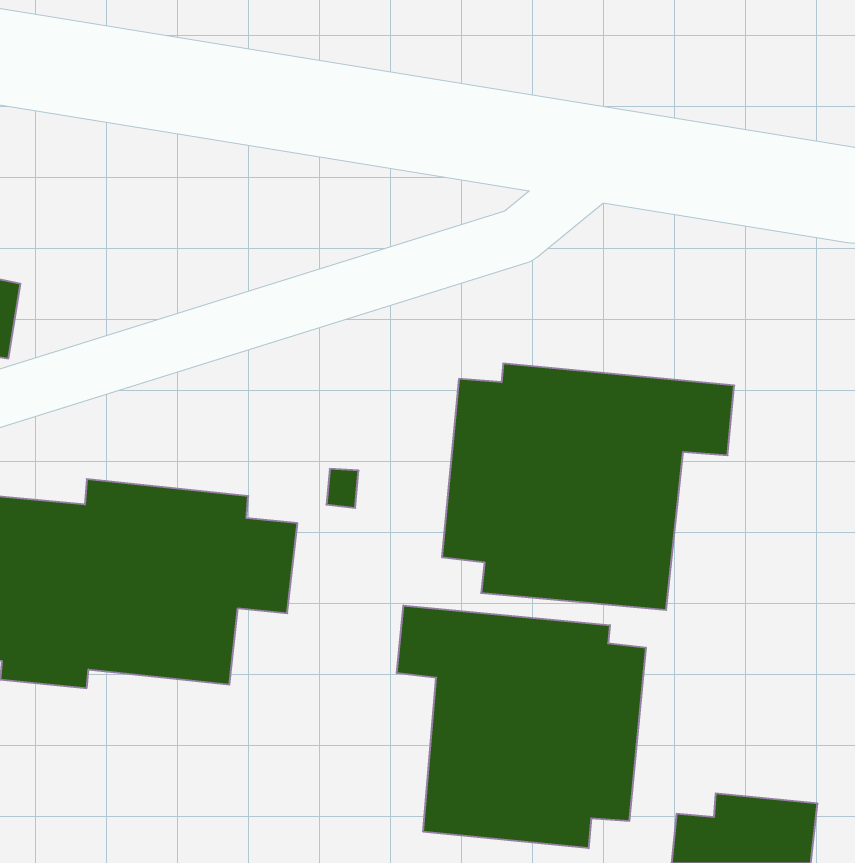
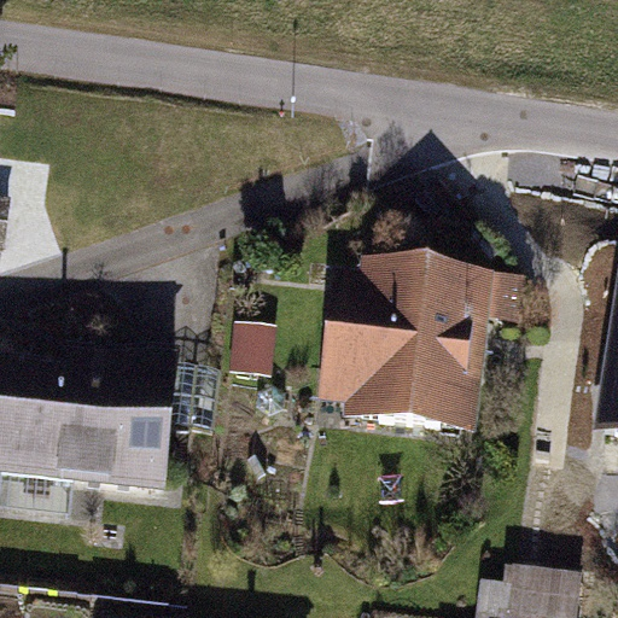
building: [397,605,646,848] -> none

